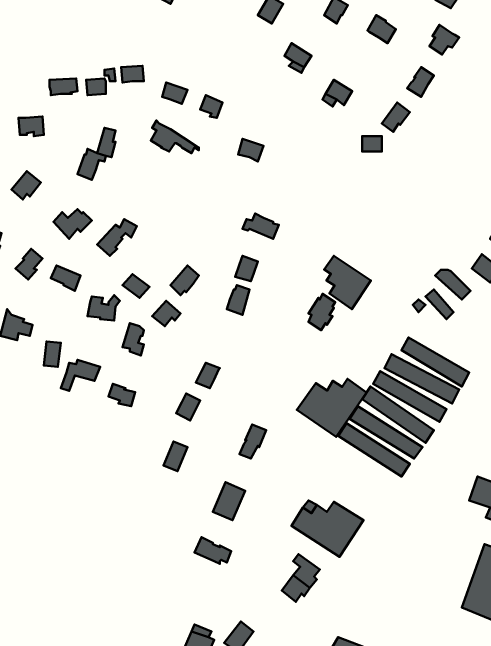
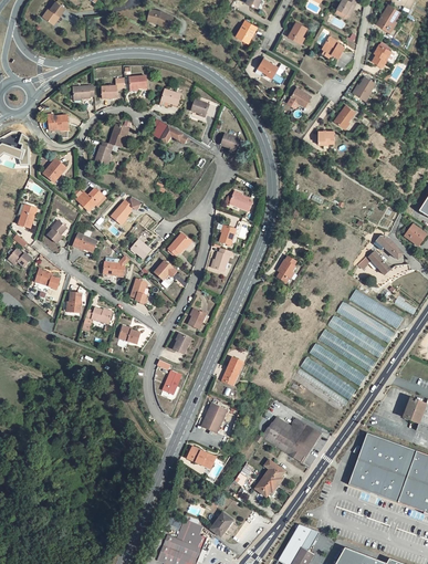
building: [324,256,371,309] -> none
building: [297,379,366,437] -> none
building: none -> [347,435,415,501]

